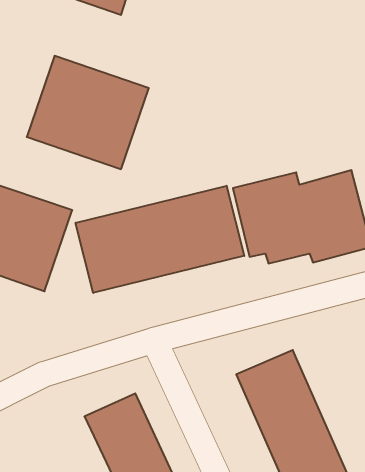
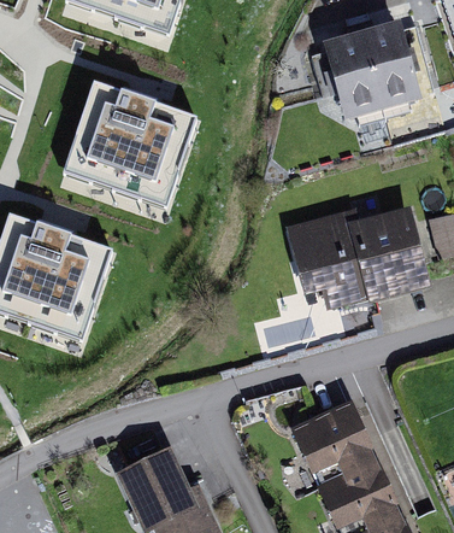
building: none -> [320,24,421,122]
building: [76,186,244,293] -> none

